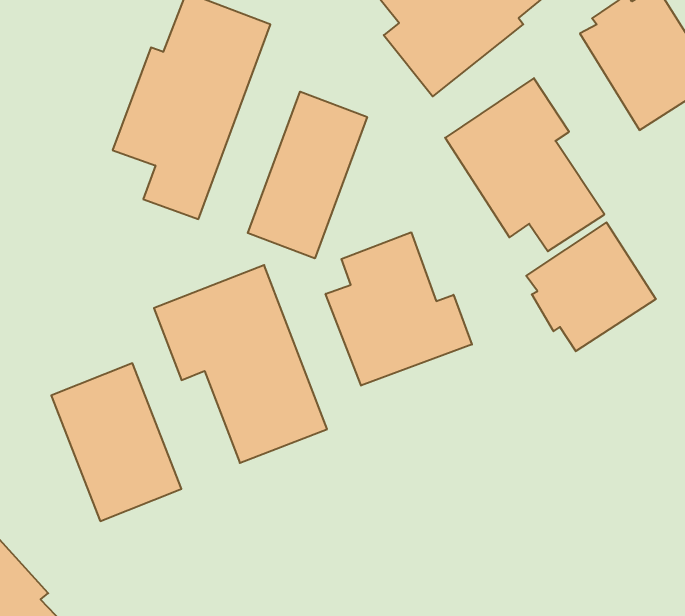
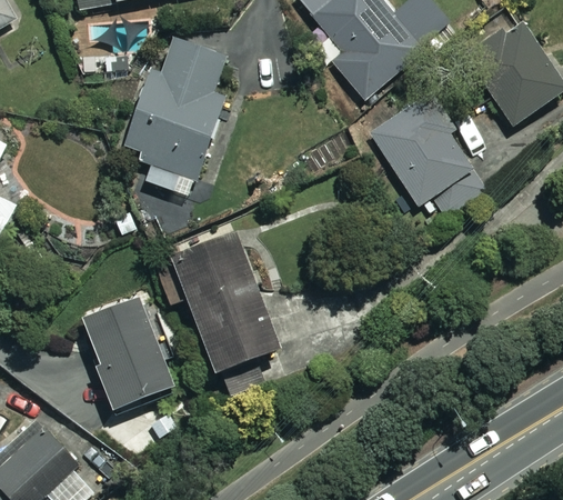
building: [248,92,367,258] -> none
building: [526,222,656,351] -> none
building: [326,232,472,386] -> none

